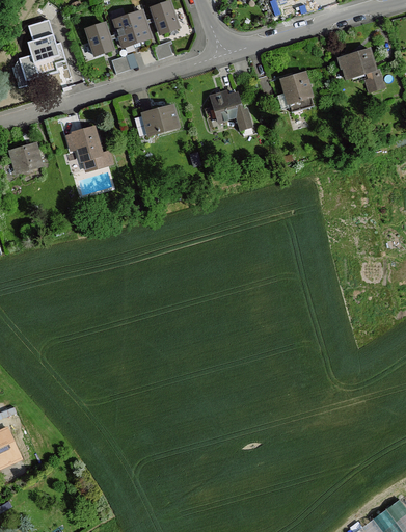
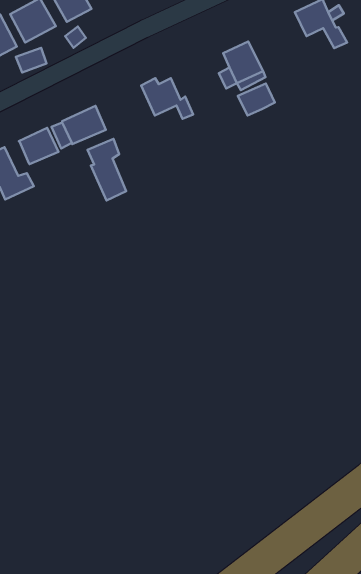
building: none -> [238,84,275,116]
building: none -> [19,128,58,164]
building: none -> [88,139,126,200]

